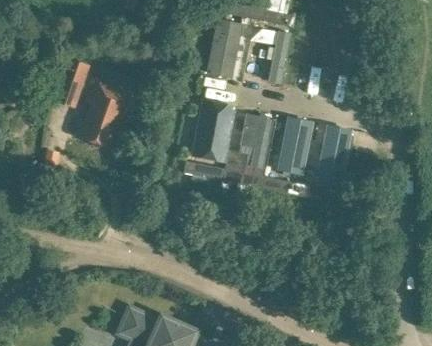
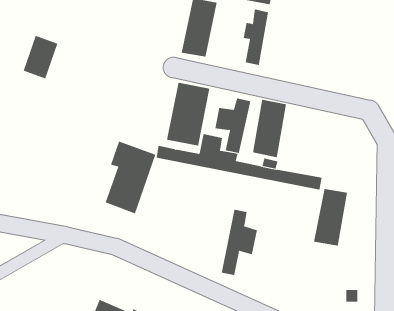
building: [80,79,129,149] -> [105,141,156,214]
building: [315,125,348,180] -> [313,188,348,246]
building: none -> [221,209,257,276]

